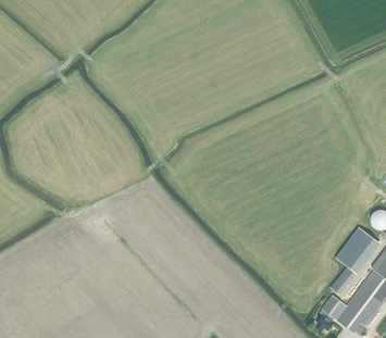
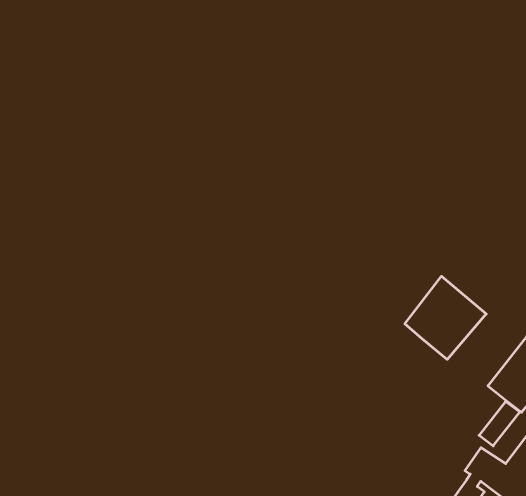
building: none -> [405,276,486,359]

